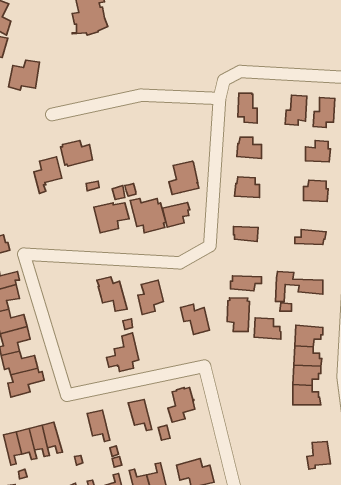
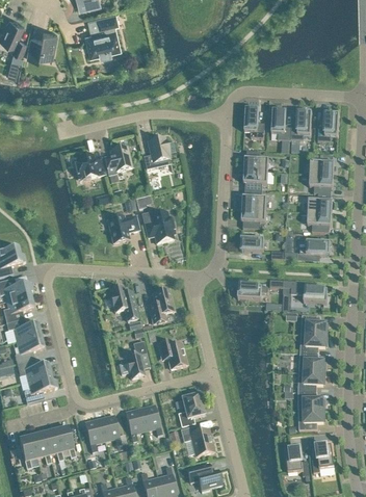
building: [8,60,40,90] -> [26,27,56,56]
building: none -> [271,109,292,140]
building: none -> [244,169,268,190]
building: [34,157,62,193] -> [105,146,132,181]
building: none -> [310,174,334,193]
building: [169,161,199,195] -> [142,136,172,168]
building: none -> [242,208,266,228]
building: none -> [308,212,332,232]
building: [162,202,190,227] -> none
building: [227,298,249,332] -> none
building: [180,304,210,334] -> [158,339,186,368]
building: [254,318,281,339] -> [302,314,328,335]
building: none -> [125,408,146,441]
building: none -> [298,410,325,429]
building: none -> [84,418,105,451]
building: none -> [180,424,213,455]
building: none -> [285,448,310,475]

